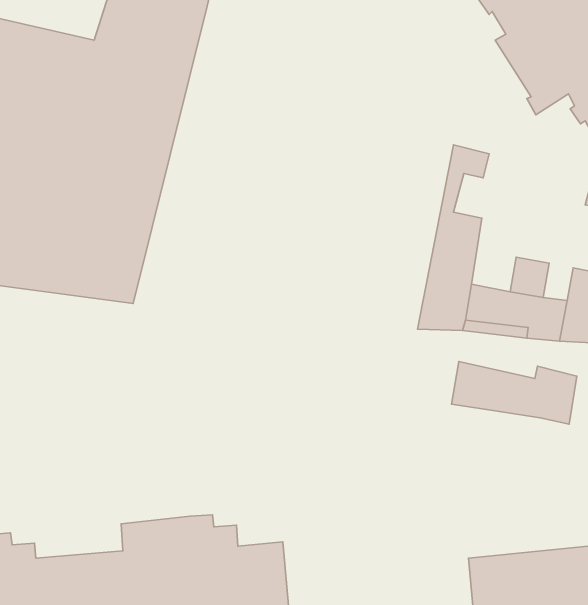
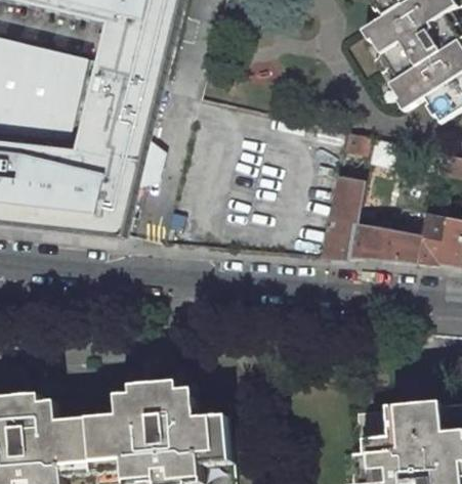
building: [451,361,577,424] -> none

